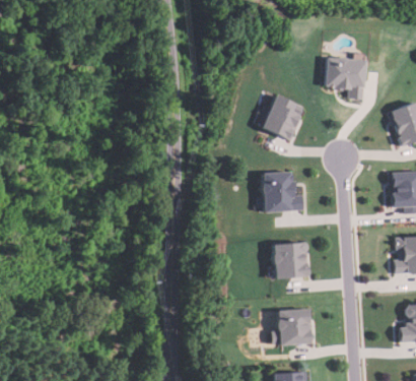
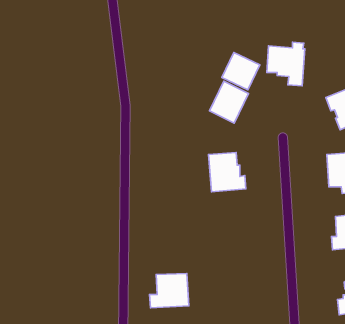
building: none -> [222,53,260,90]
building: [274,241,307,278] -> none
building: [271,309,313,345] -> [150,274,189,308]

